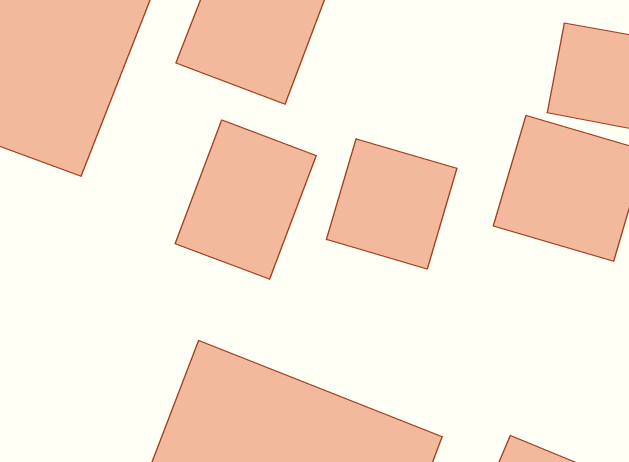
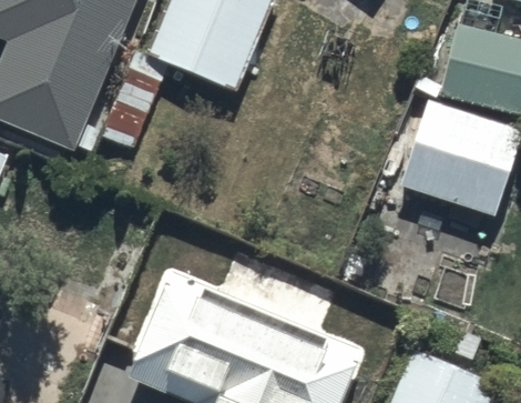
building: [175,120,316,279] -> none
building: [327,139,457,269] -> none

